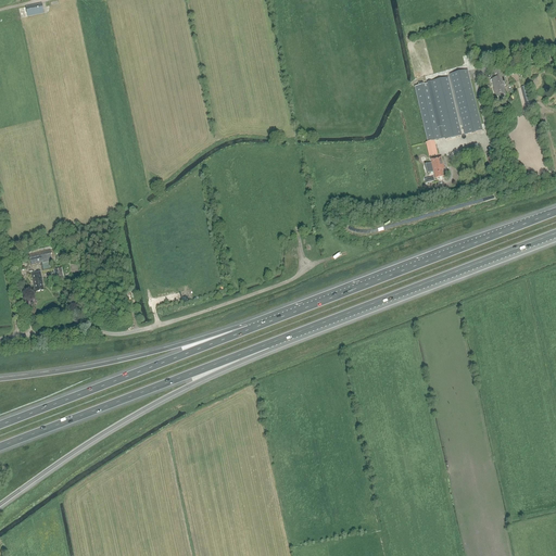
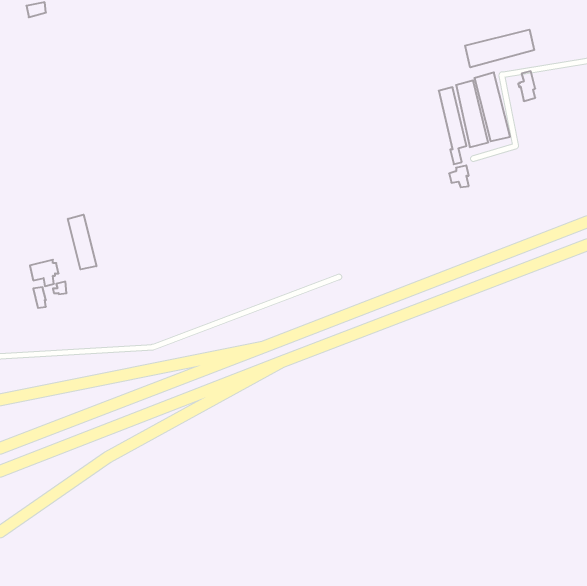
building: none -> [465,30,534,67]
building: none -> [68,215,96,269]

